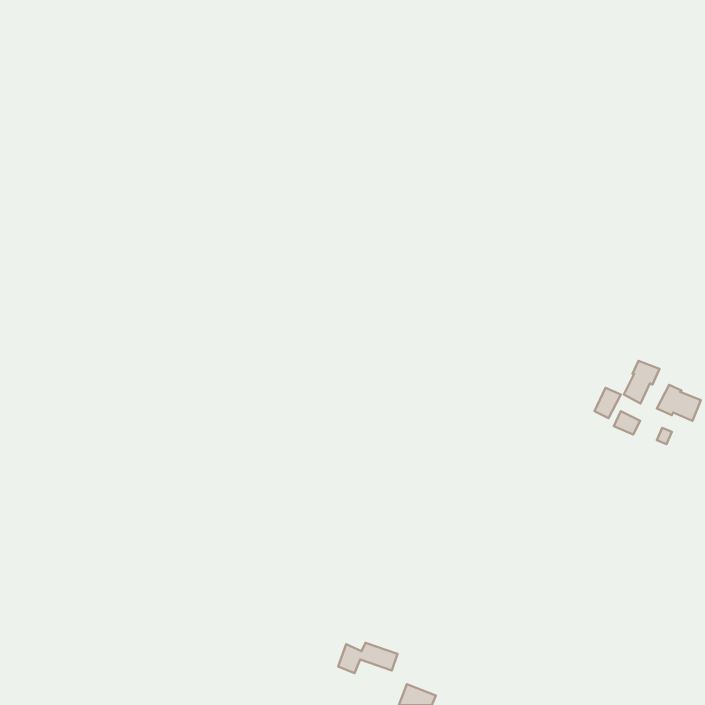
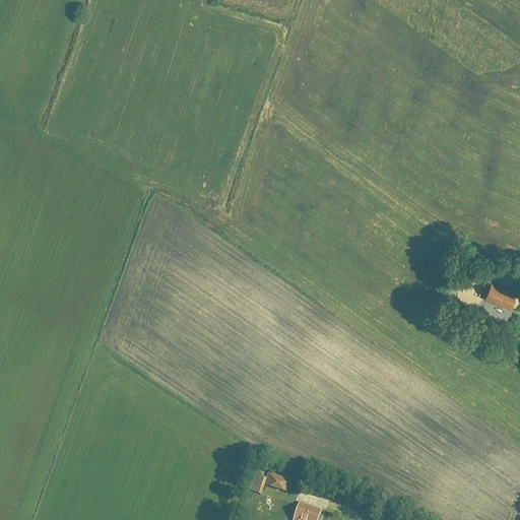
building: [624,361,660,403] -> none

